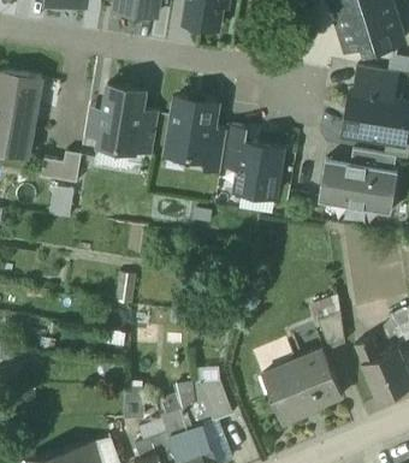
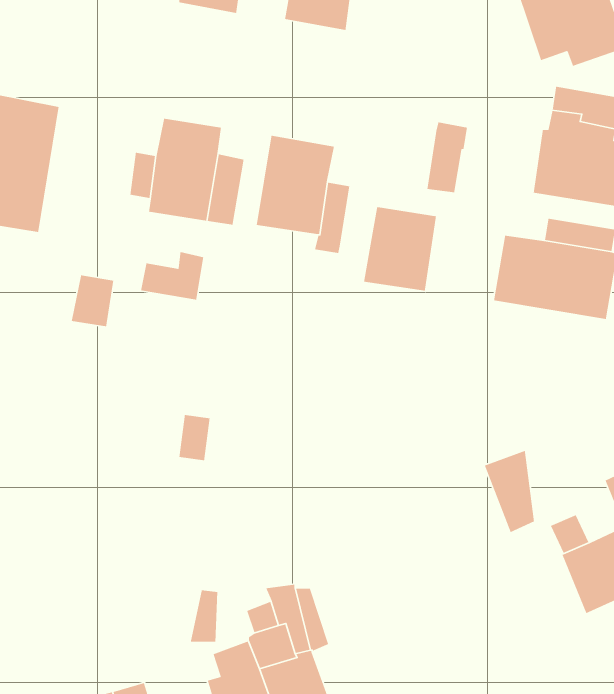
building: [220,125,247,171] -> [426,122,468,193]
building: [40,153,81,184] -> [140,251,204,300]
building: [265,350,342,425] -> none
building: [201,385,232,422] -> none

